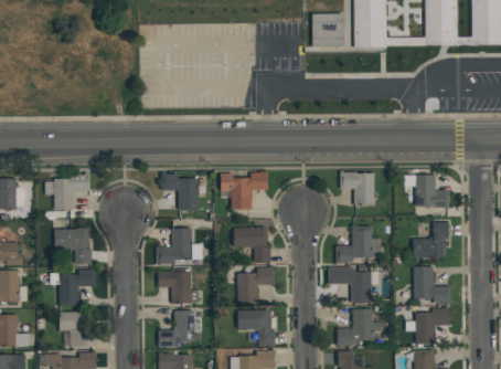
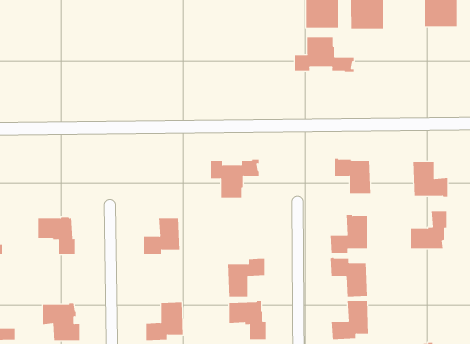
building: none -> [295,37,354,73]
building: [54,173,88,210] -> none
building: [161,173,199,211] -> none
building: [233,226,270,264] -> none
building: [414,266,450,303] -> none
building: [51,268,96,307] -> none
building: [157,270,191,304] -> none
building: [416,307,449,345] -> none

